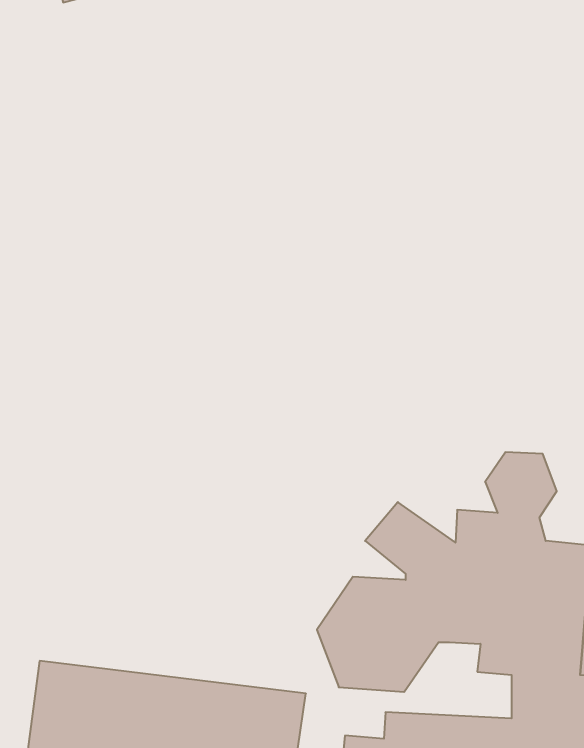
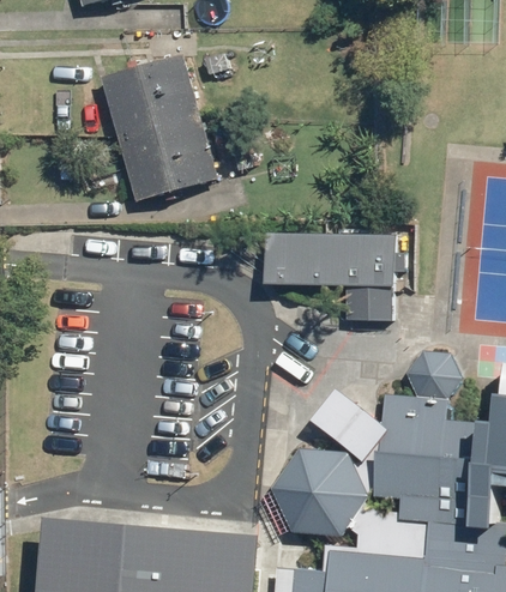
building: none -> [101,53,215,197]
building: none -> [283,256,392,322]

